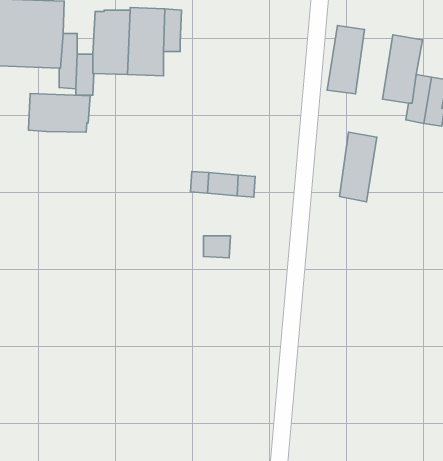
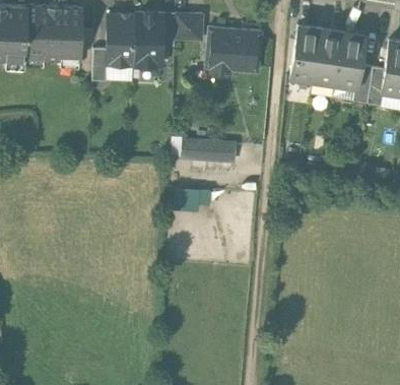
building: none -> [175,15,203,42]
building: none -> [206,29,262,78]
building: [29,94,90,132] -> none
building: [339,132,377,202] -> [313,30,342,85]

